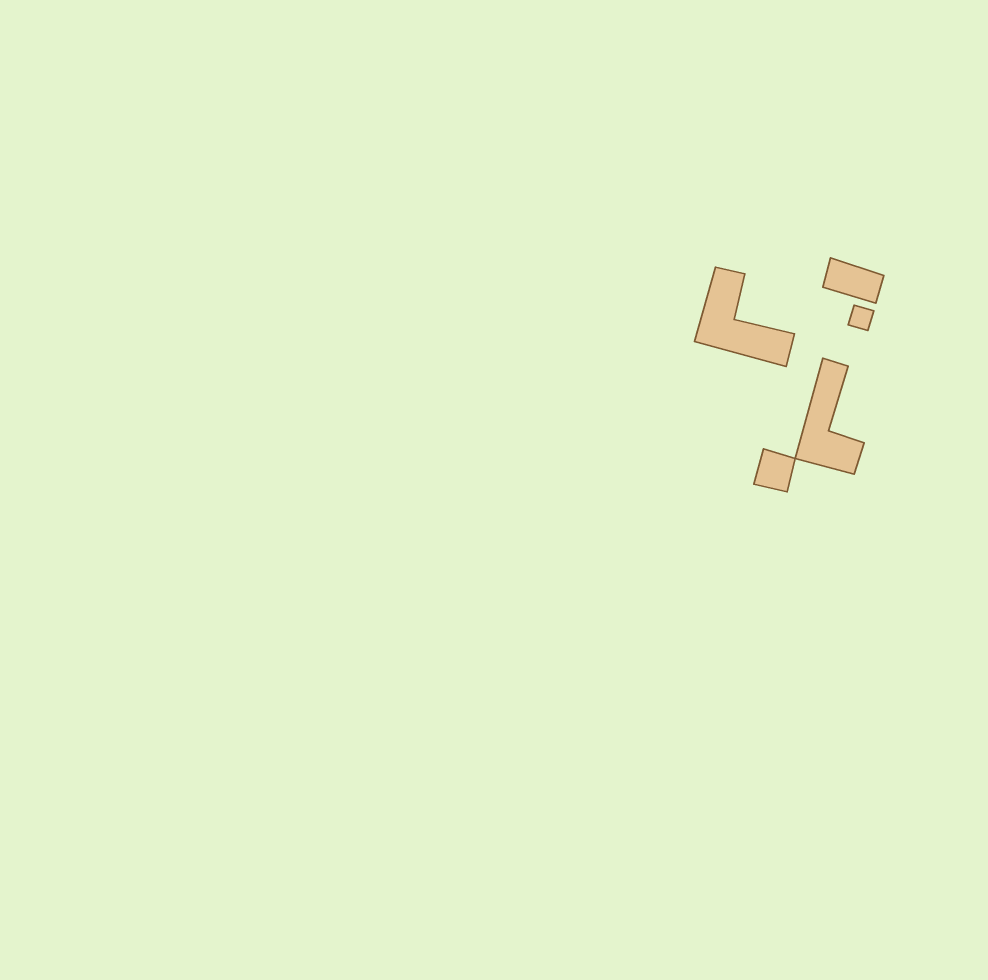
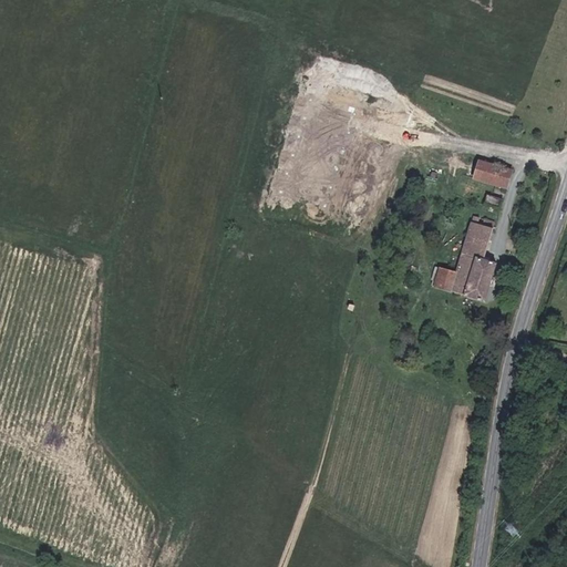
building: [695,267,794,367] -> none
building: none -> [453,272,491,301]

